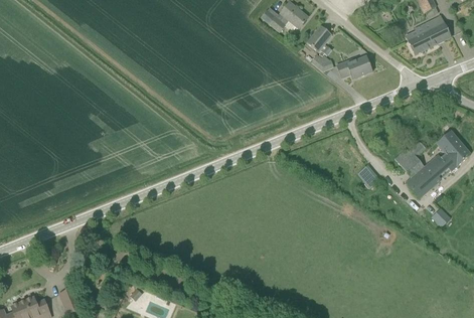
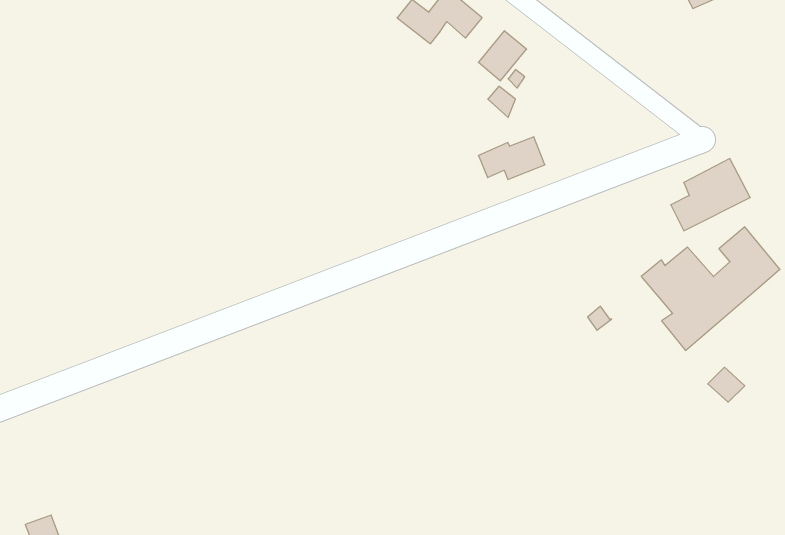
building: [408,14,451,53] -> [671,159,750,231]
building: [336,54,372,77] -> [478,137,545,180]

